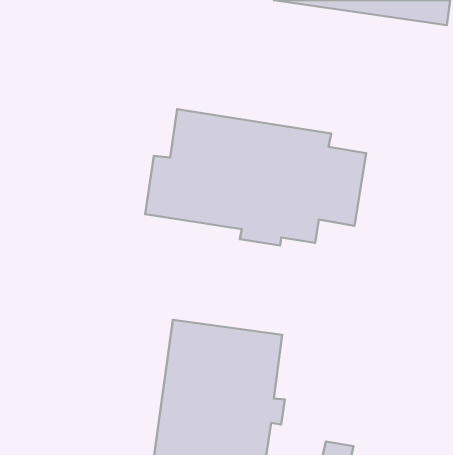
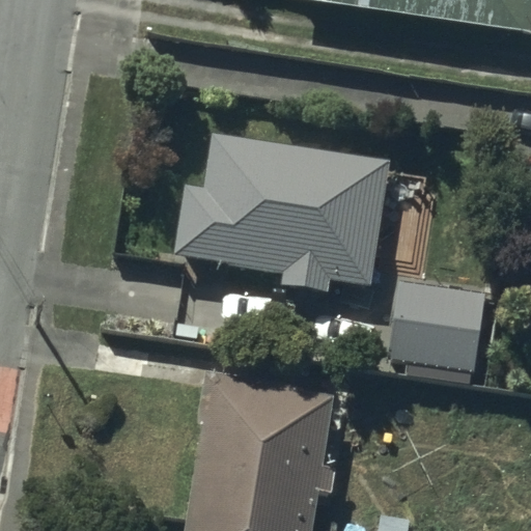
building: none -> [391,283,485,372]

